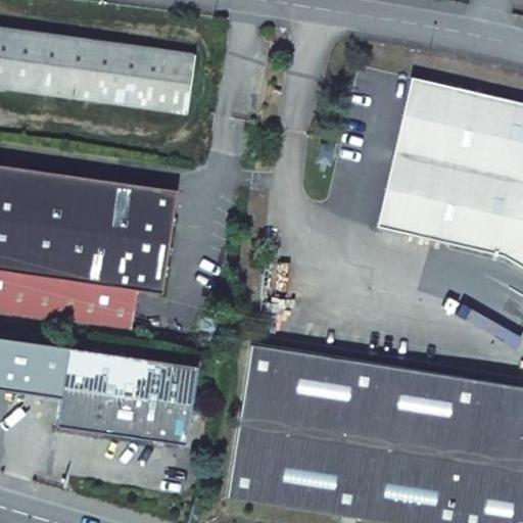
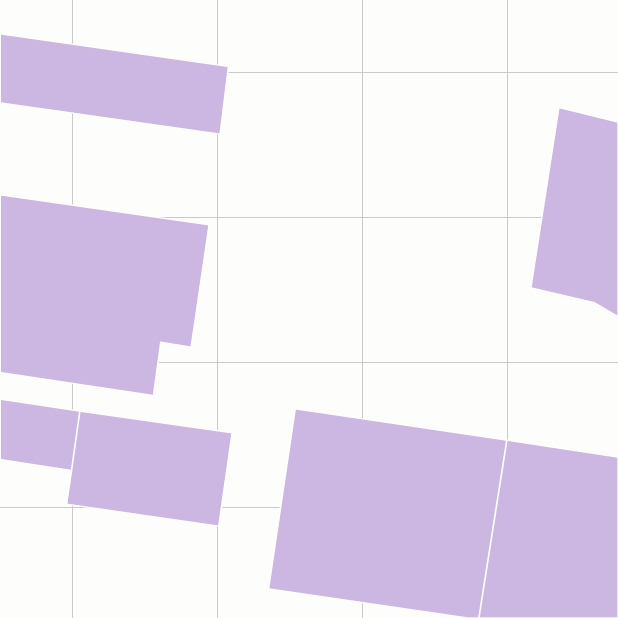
building: [375,76,472,243] -> none

